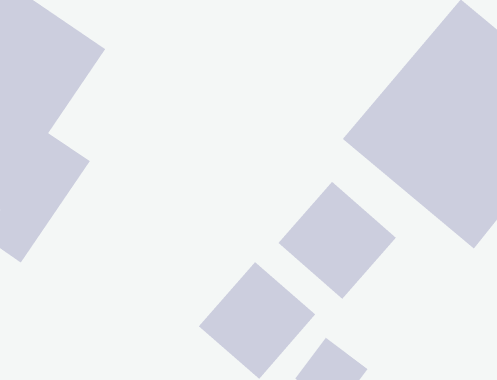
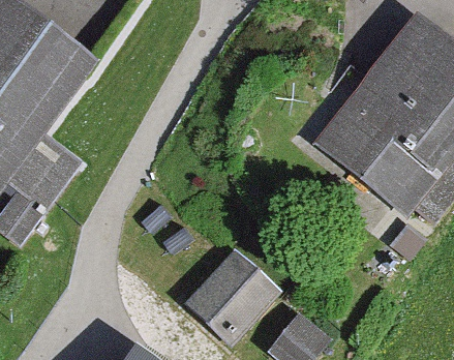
building: [277,181,397,300] -> none

